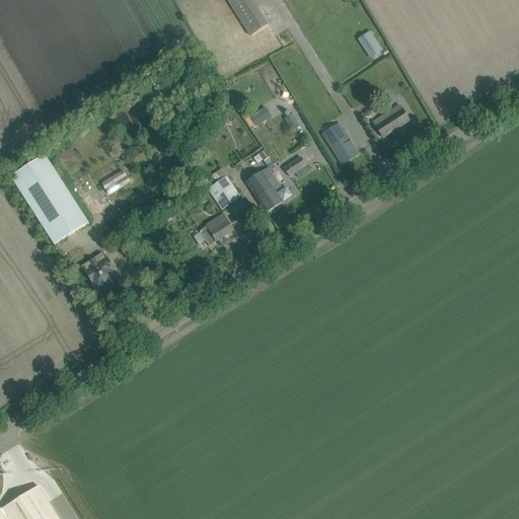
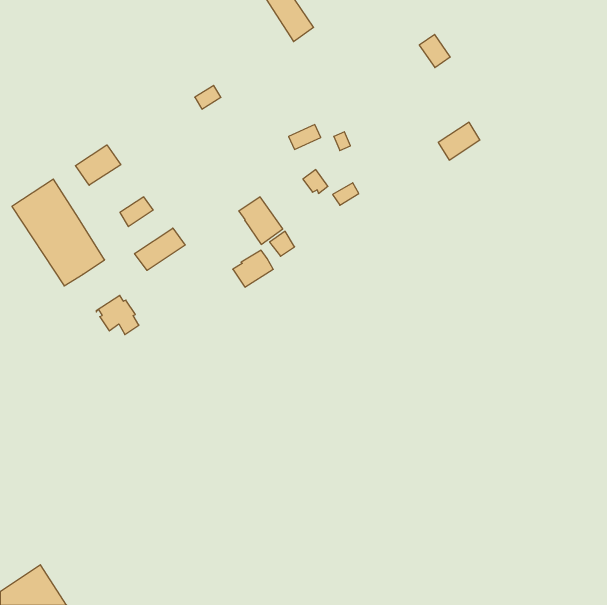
building: [322,122,359,164] -> none
building: none -> [75,145,121,185]
building: [246,166,291,212] -> none
building: none -> [135,228,185,270]

